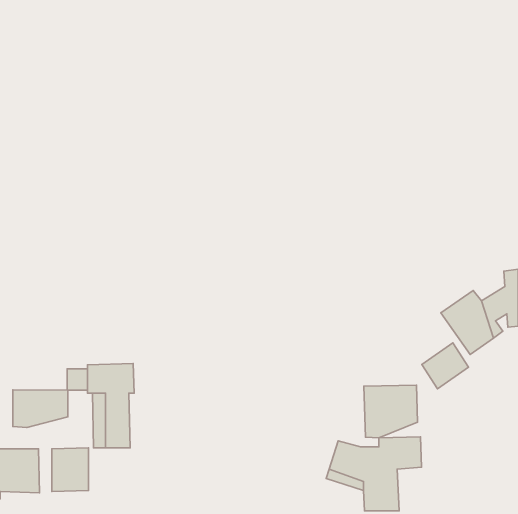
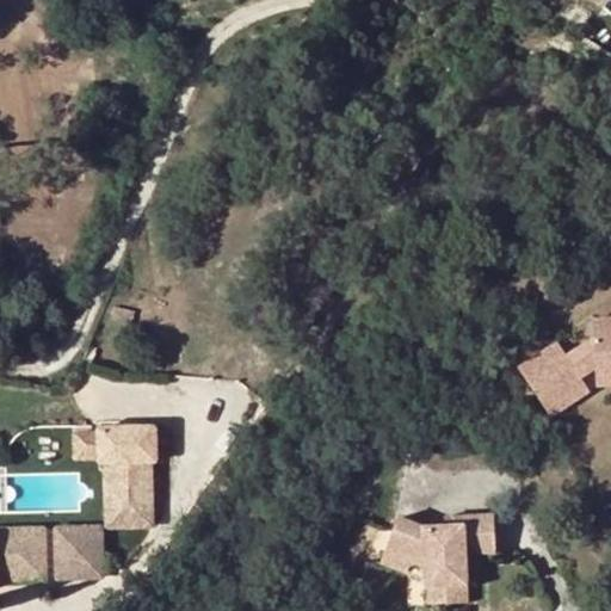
building: [422,343,469,389] -> none
building: [364,385,417,438] -> none
building: [13,390,68,427] -> none

